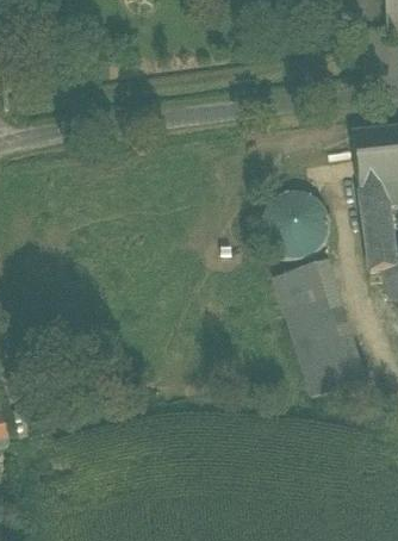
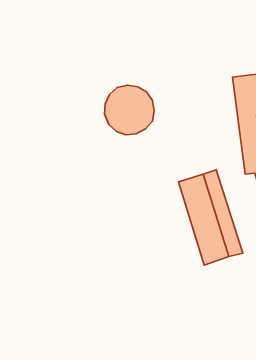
building: [260,186,329,255] -> [104,85,154,135]

